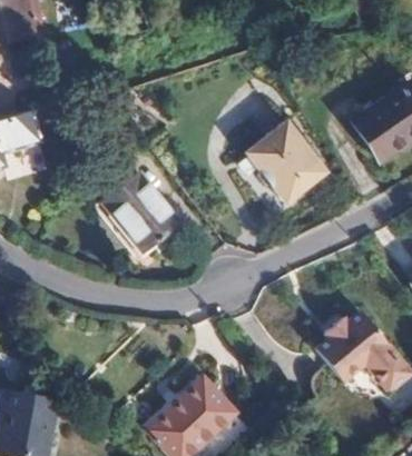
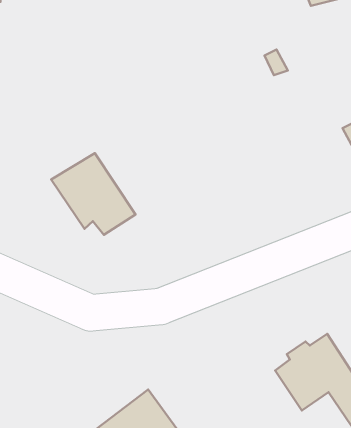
building: [245,121,325,205] -> none

